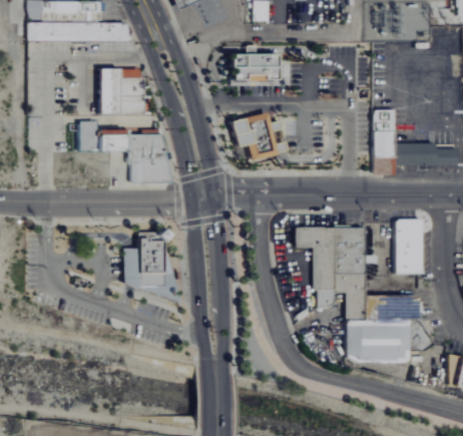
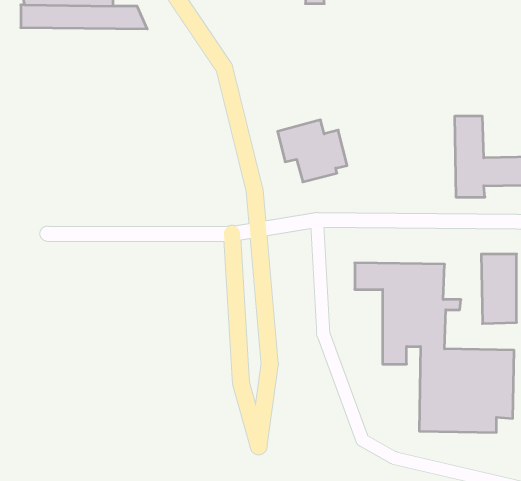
building: [232,45,279,79] -> none
building: [100,68,150,114] -> none
building: [80,121,172,183] -> none
building: [124,228,177,301] -> none

